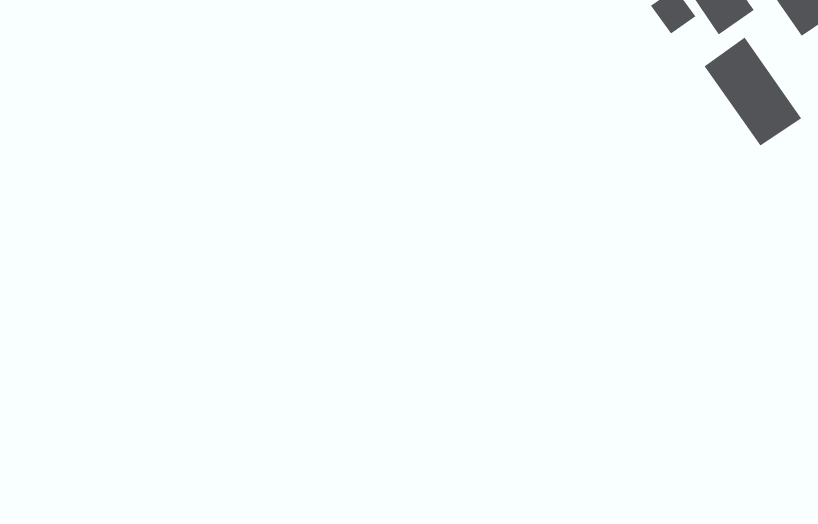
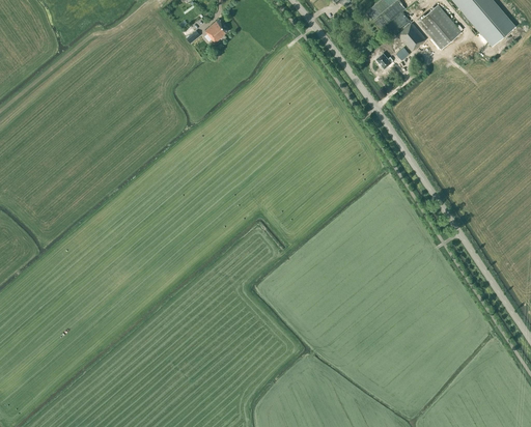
building: [704,37,802,147] -> none

